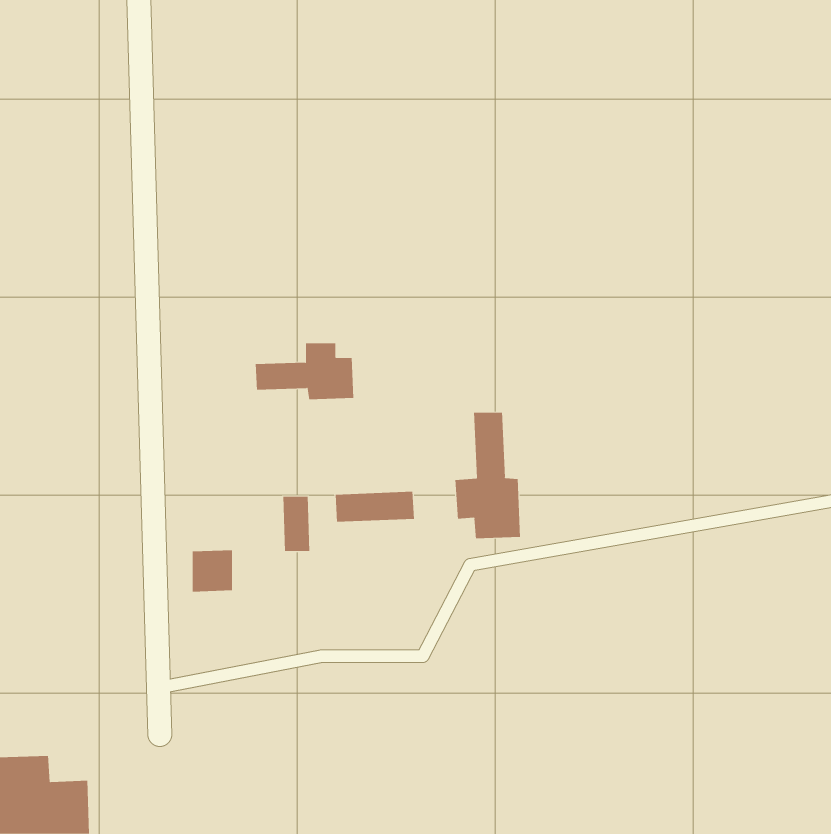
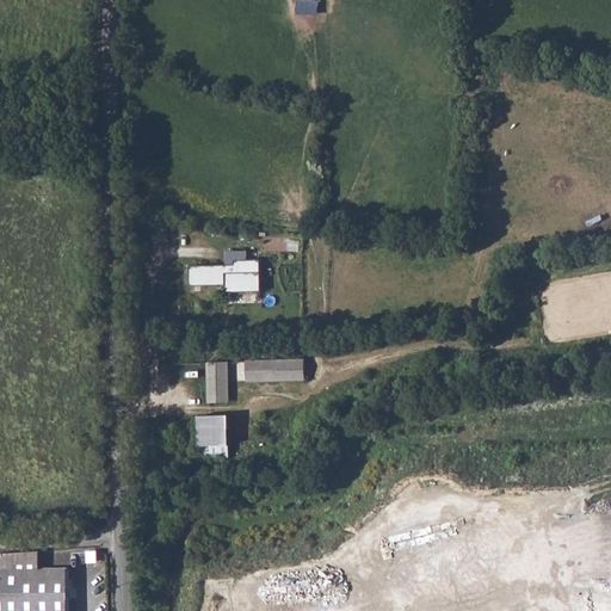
building: [455,412,521,539] -> none
building: [192,550,233,592] -> [197,416,227,448]

